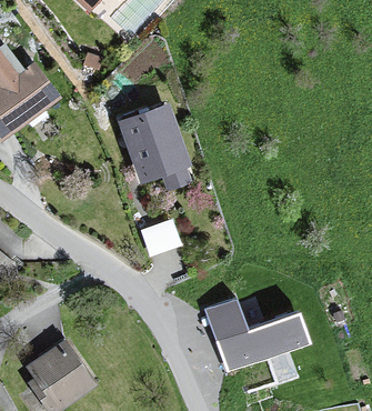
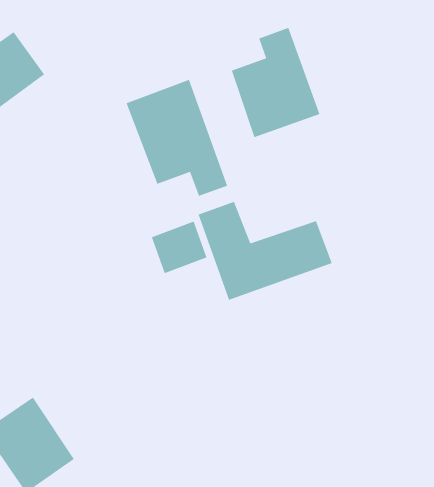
building: none -> [231,27,321,138]
building: [207,299,308,373] -> [197,201,333,301]

